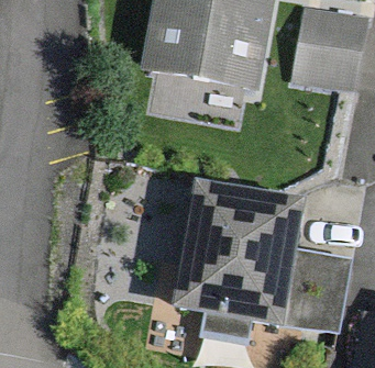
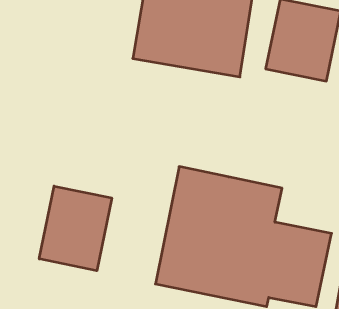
building: none -> [39,186,112,271]

